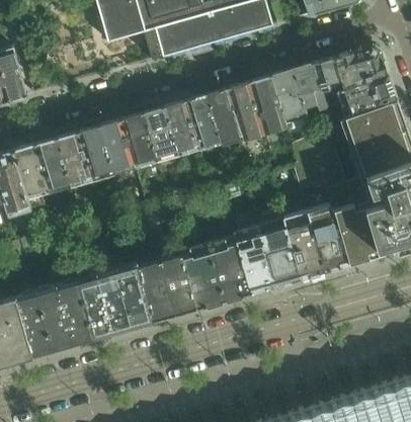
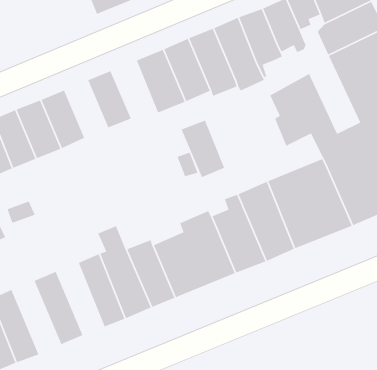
building: [159,103,193,153] -> [181,119,225,178]
building: [117,115,151,165] -> none
building: [93,270,129,333] -> none
building: [54,281,90,345] -> none

